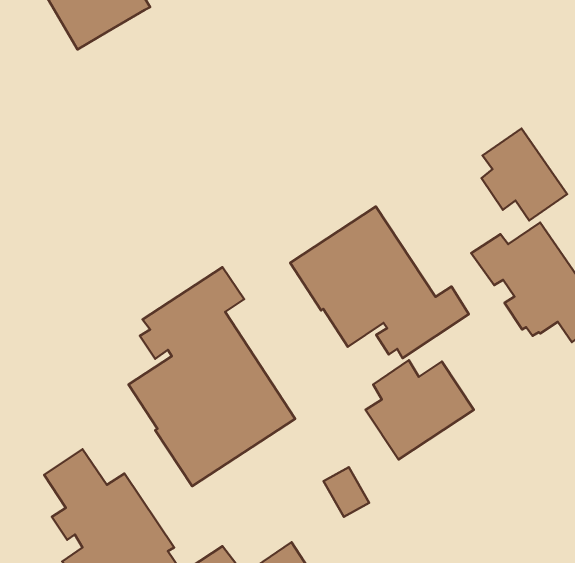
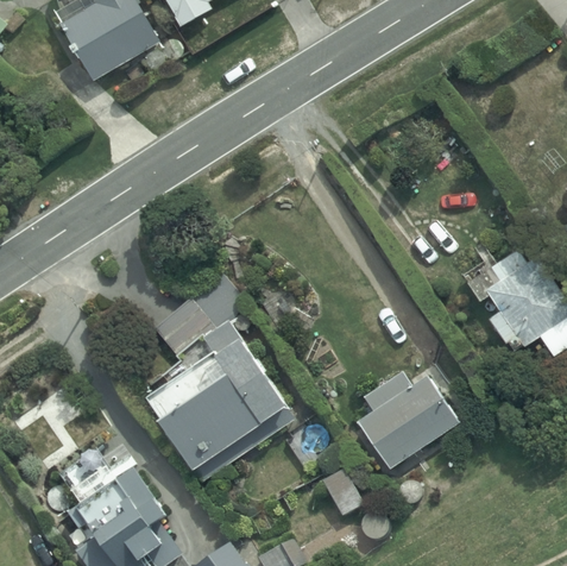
building: [482,128,567,221] -> none
building: [290,207,469,358] -> none

